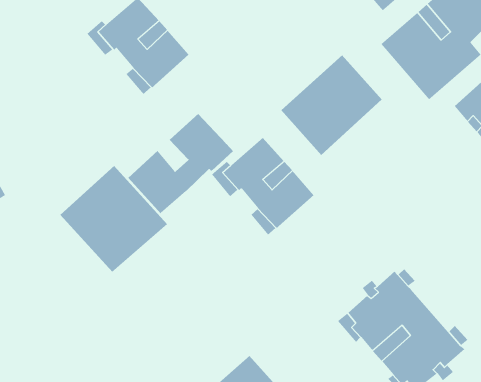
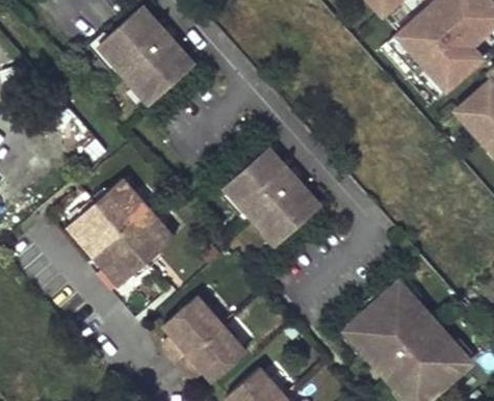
building: [280,55,382,156] -> none
building: [128,113,234,214] -> none
building: none -> [157,294,239,379]

